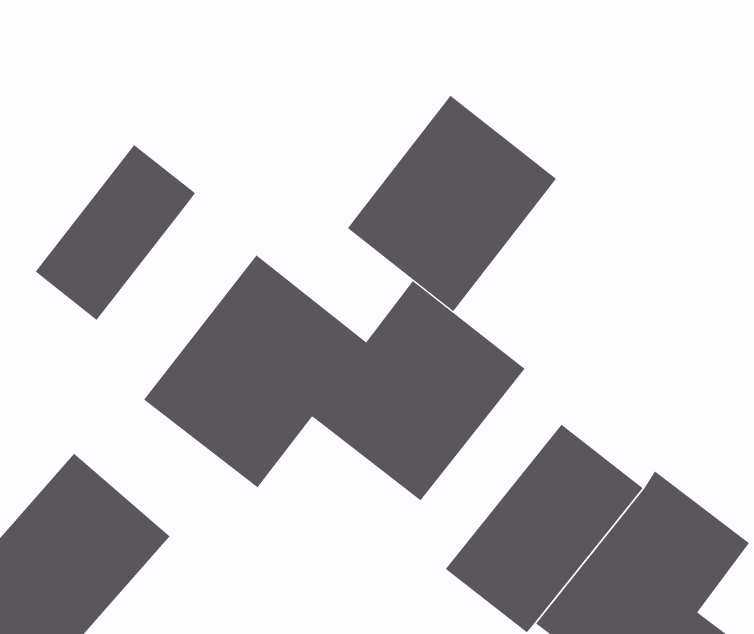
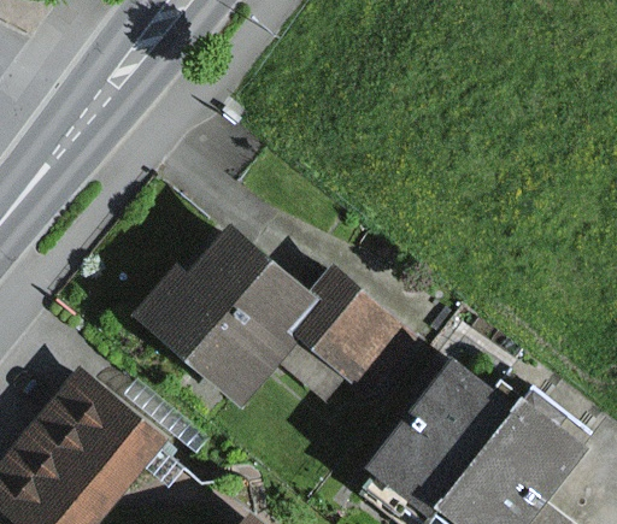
building: [347,95,557,312] -> none
building: [35,144,196,321] -> none

